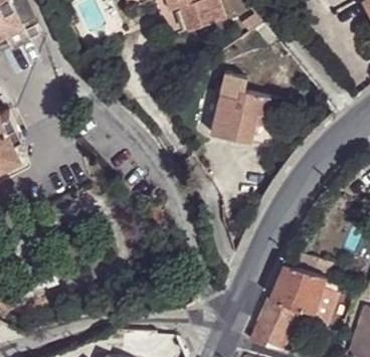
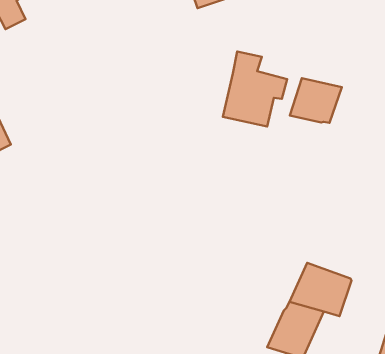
building: none -> [290,78,342,123]

